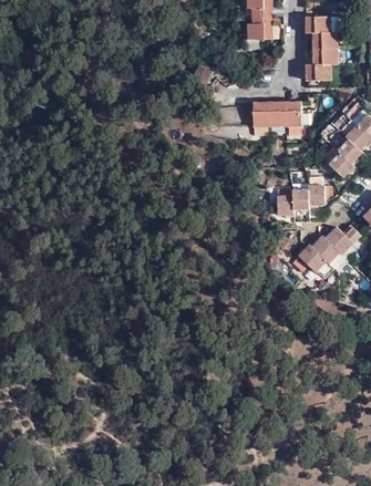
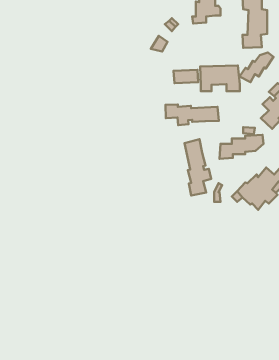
building: none -> [240,53,274,82]
building: none -> [165,105,219,125]
building: none -> [184,139,211,196]

